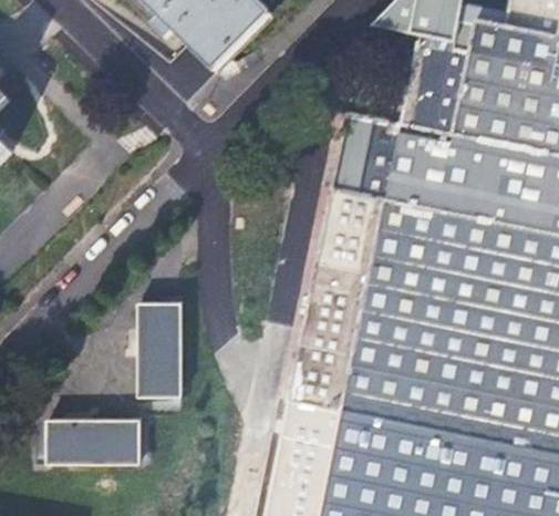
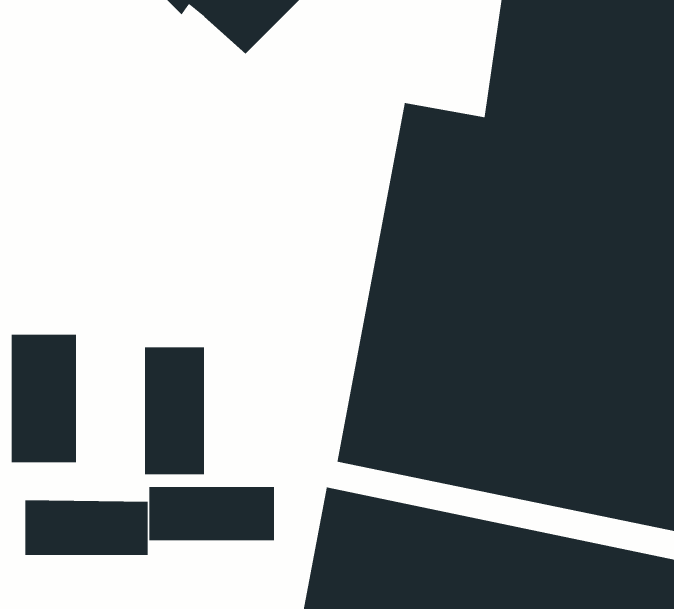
building: none -> [11,334,77,463]
building: none -> [149,486,275,541]

